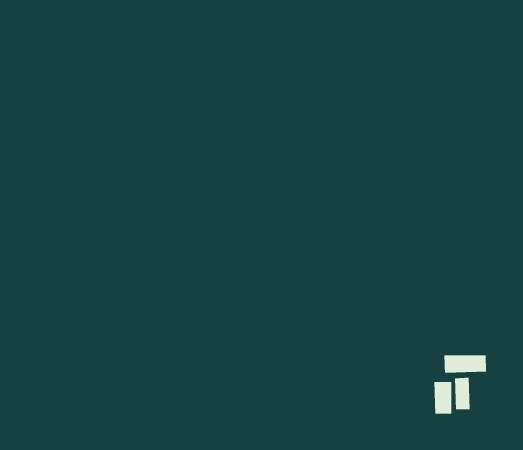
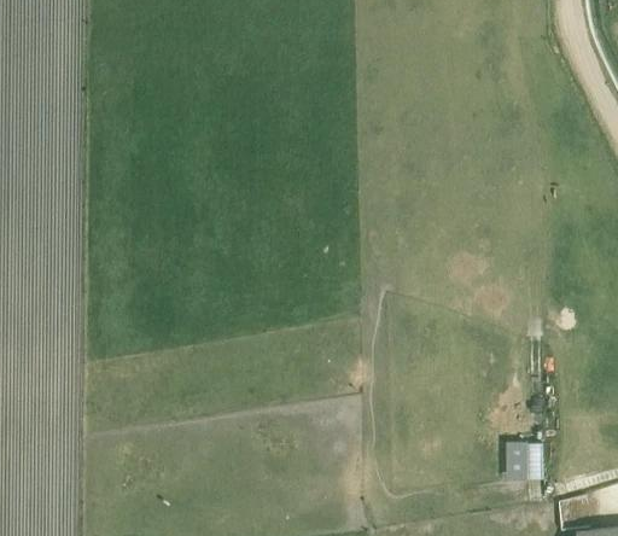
building: [444,354,487,373] -> none

